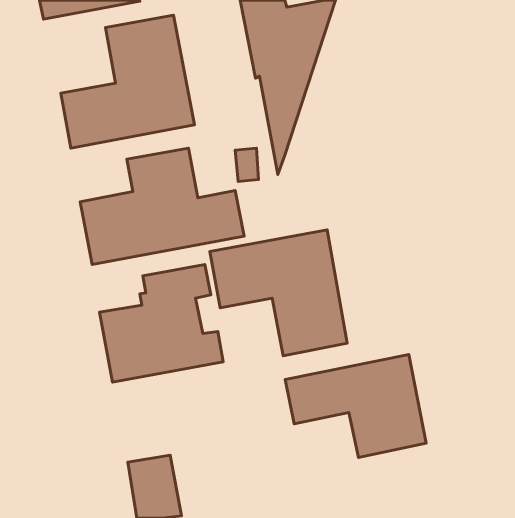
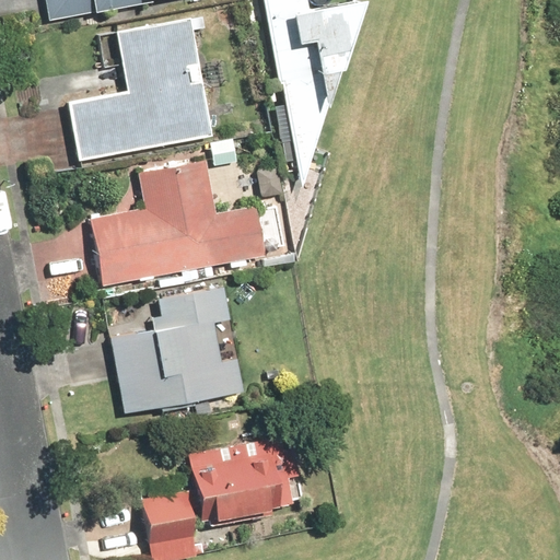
building: [210,230,347,356] -> none
building: [285,355,426,458] -> none
building: none -> [189,434,295,524]

